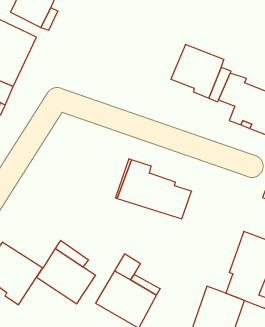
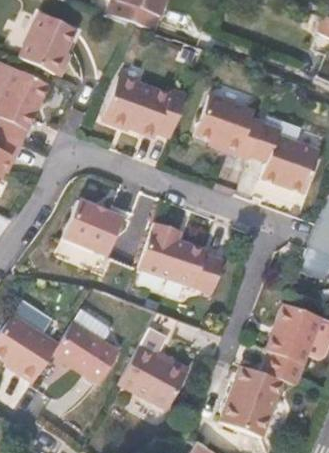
building: none -> [104,77,186,137]
building: none -> [60,200,121,256]

